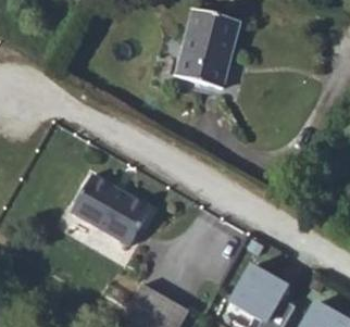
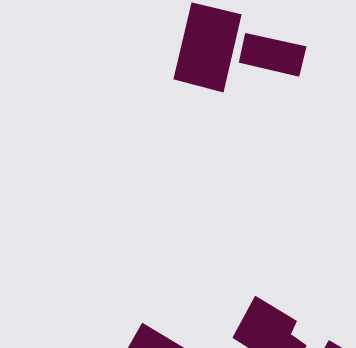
building: none -> [238,32,307,78]
building: [77,178,157,248] -> none

